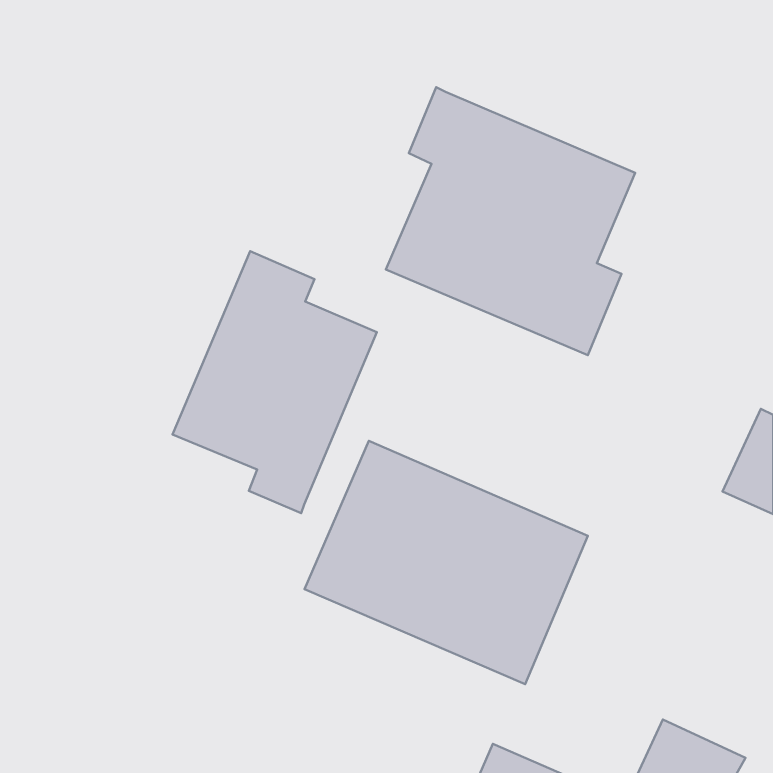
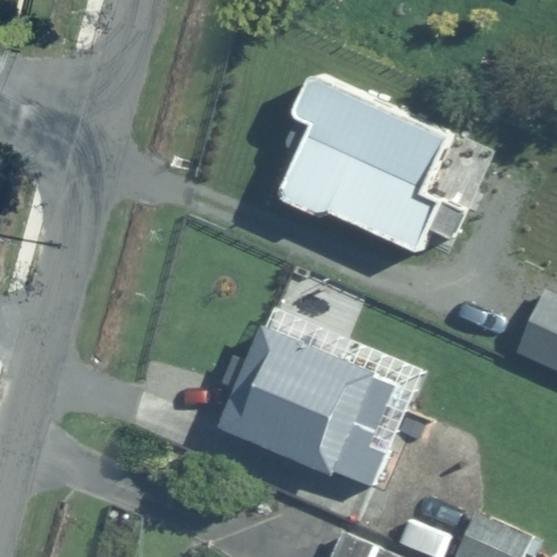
building: [173,251,377,513] -> none

